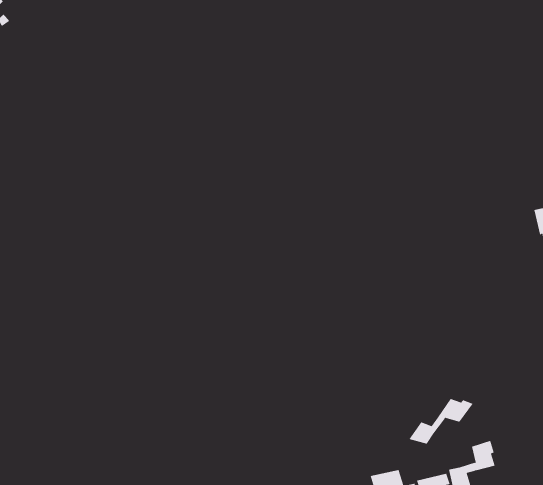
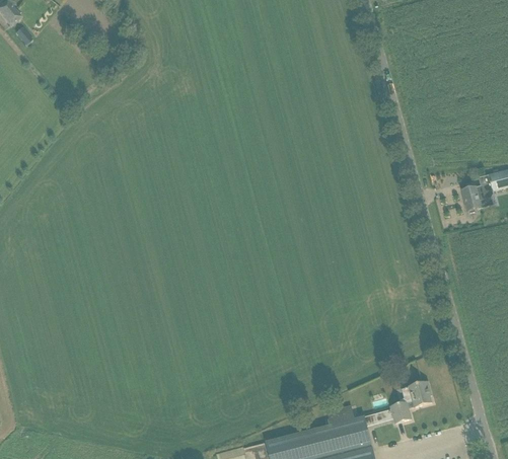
building: [409,398,474,445] -> none

